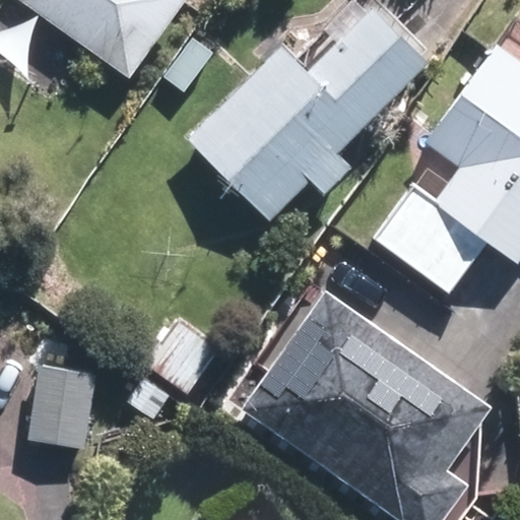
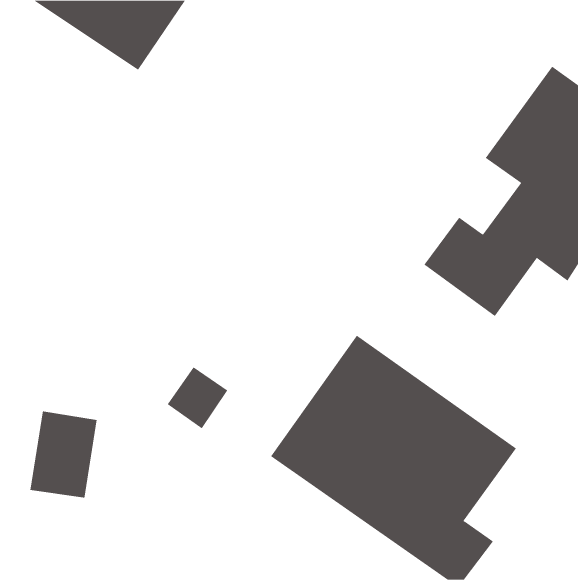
building: [194,22,408,211] -> none

